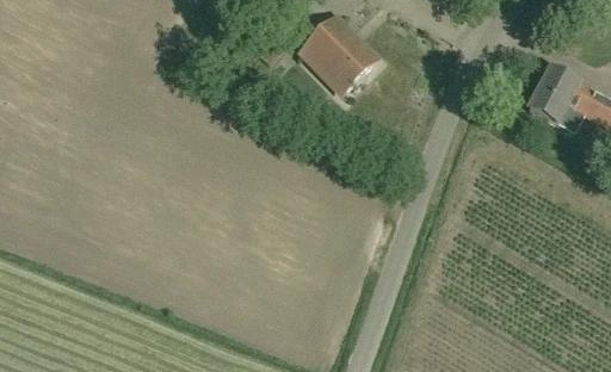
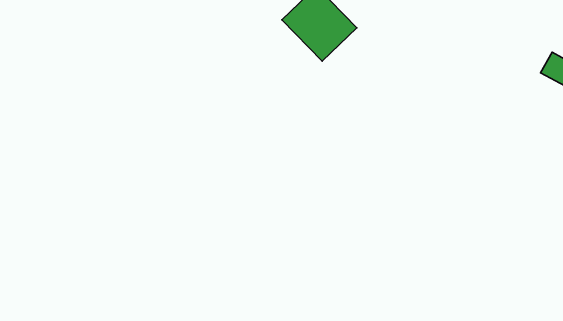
building: [529,64,584,129] -> none

